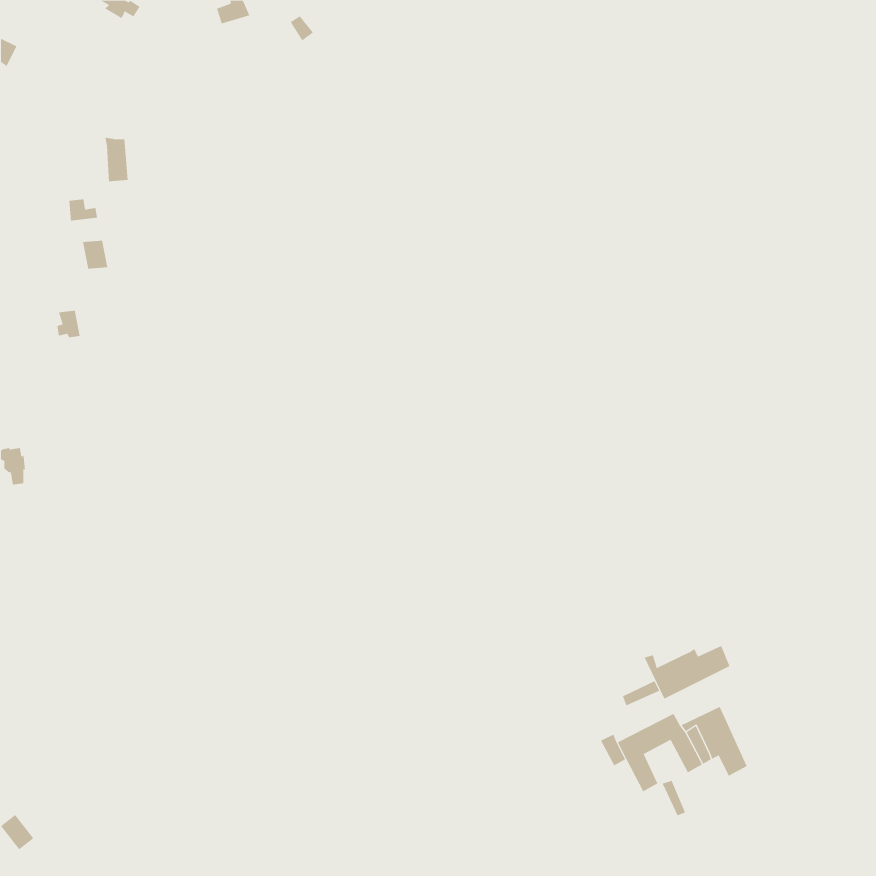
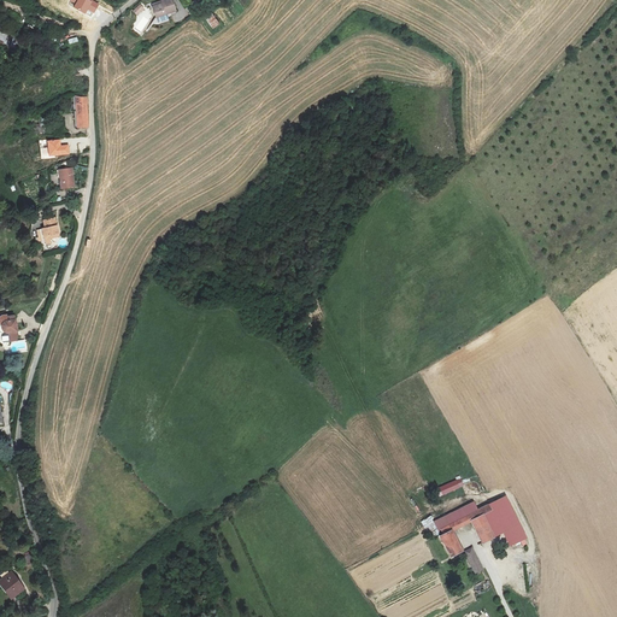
building: [644,645,730,699] -> none

